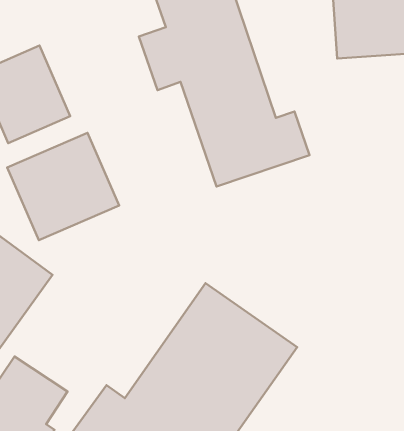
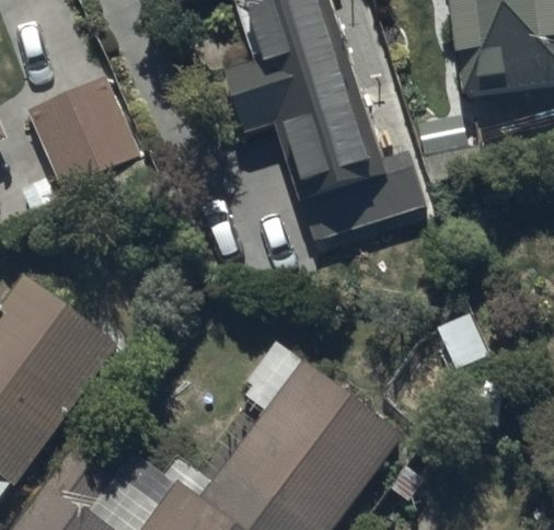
building: [7,133,119,240] -> none

